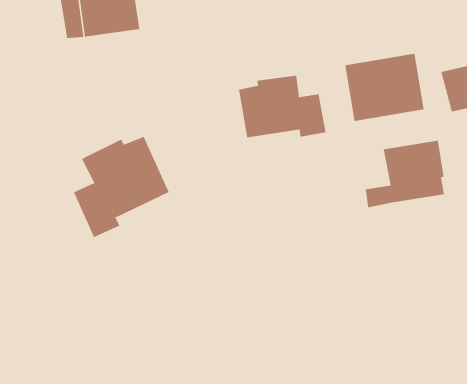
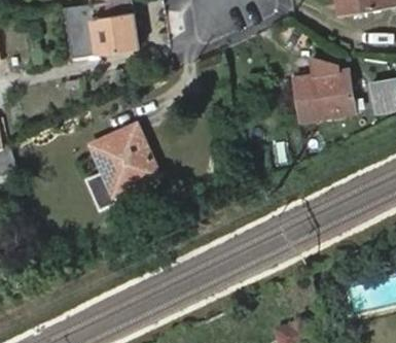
building: [239,75,326,138] -> none
building: [365,140,445,208] -> none

